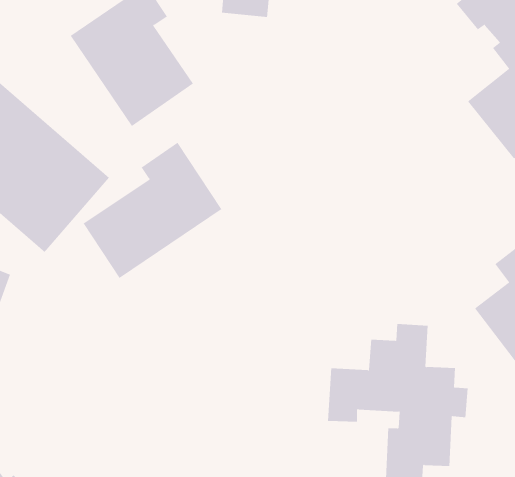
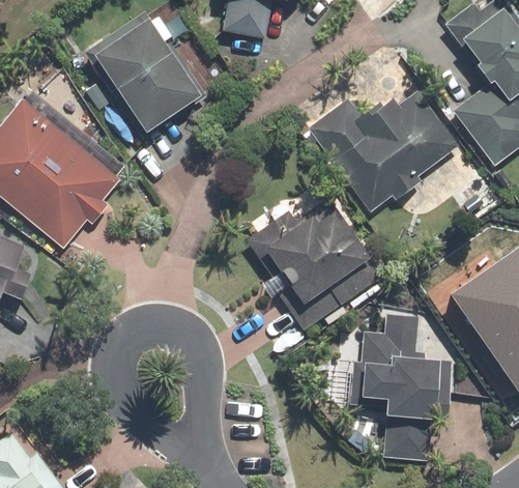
building: none -> [309,93,461,213]
building: [83,142,222,279] -> none
building: none -> [240,185,380,322]

